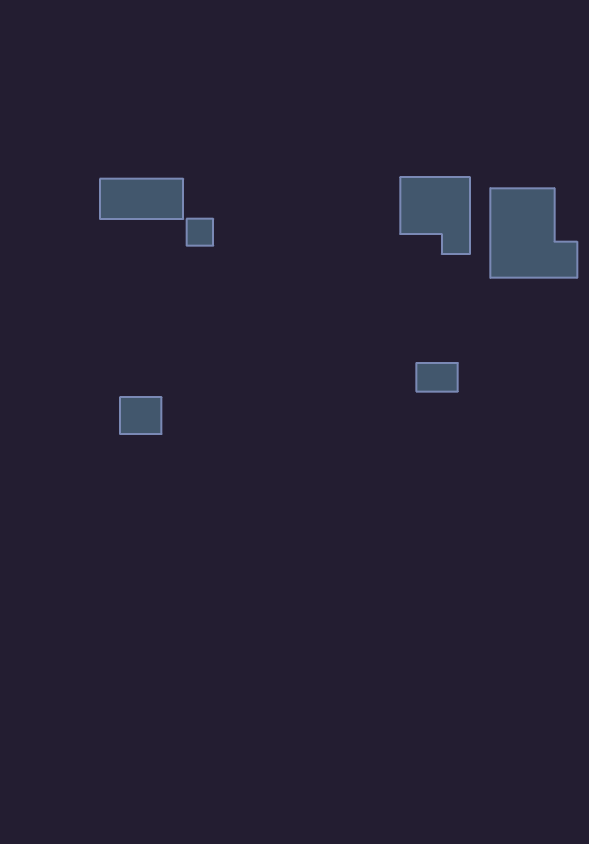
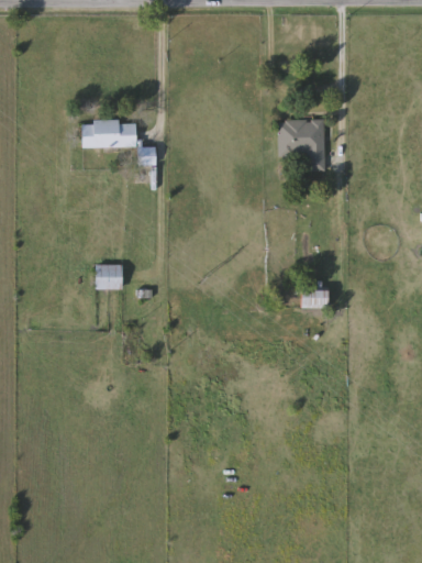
building: [490,188,577,278] -> none
building: [416,363,458,391] -> [299,288,326,307]

